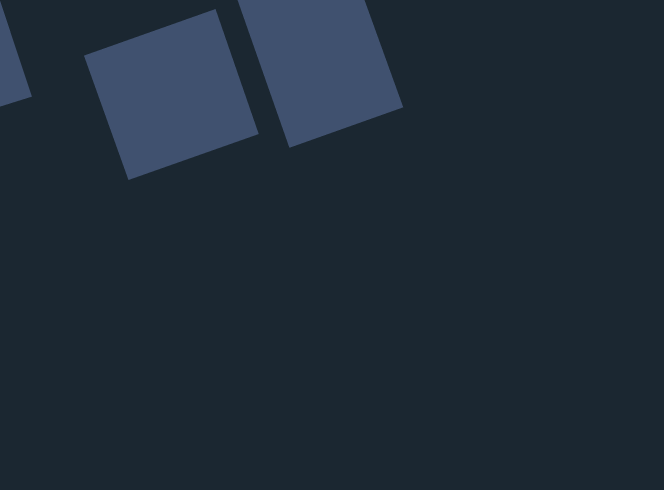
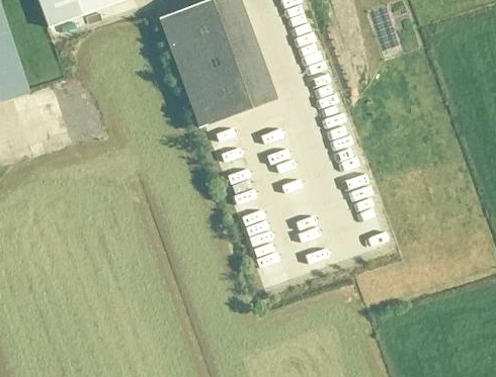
building: [83,8,259,181] -> none

